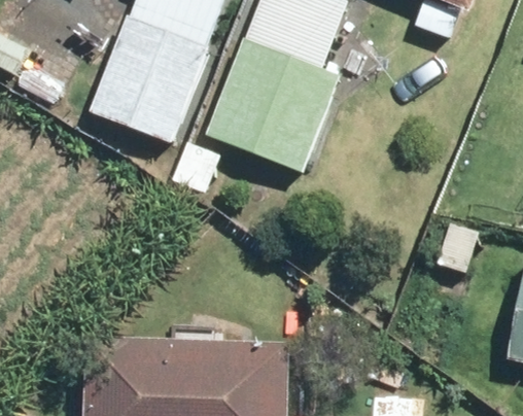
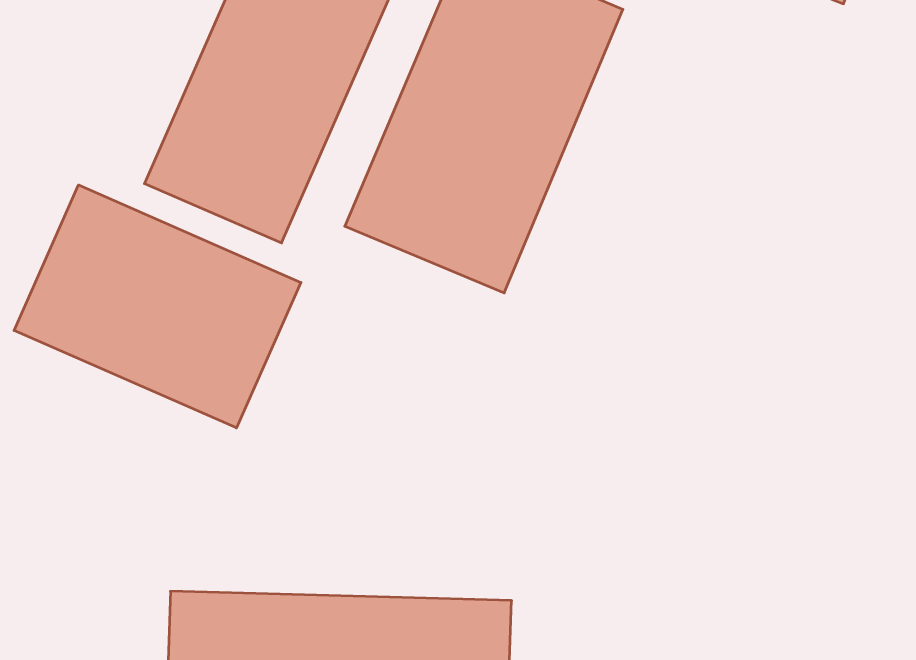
building: none -> [14,185,301,428]

